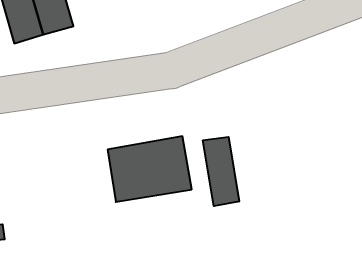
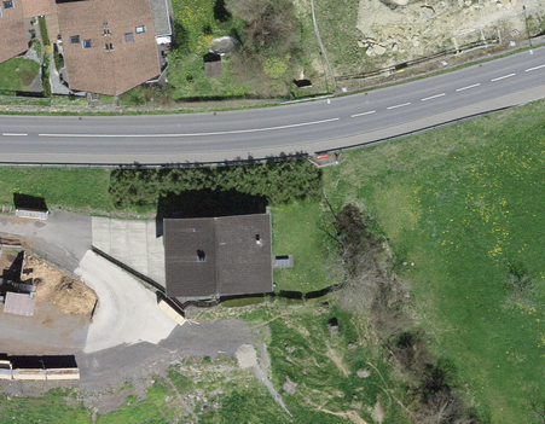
building: [203,137,239,206] -> none

